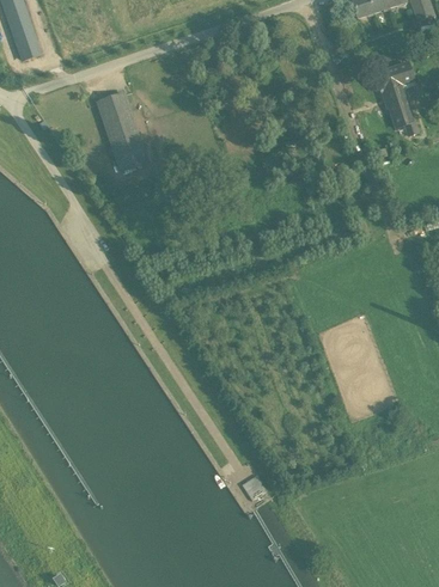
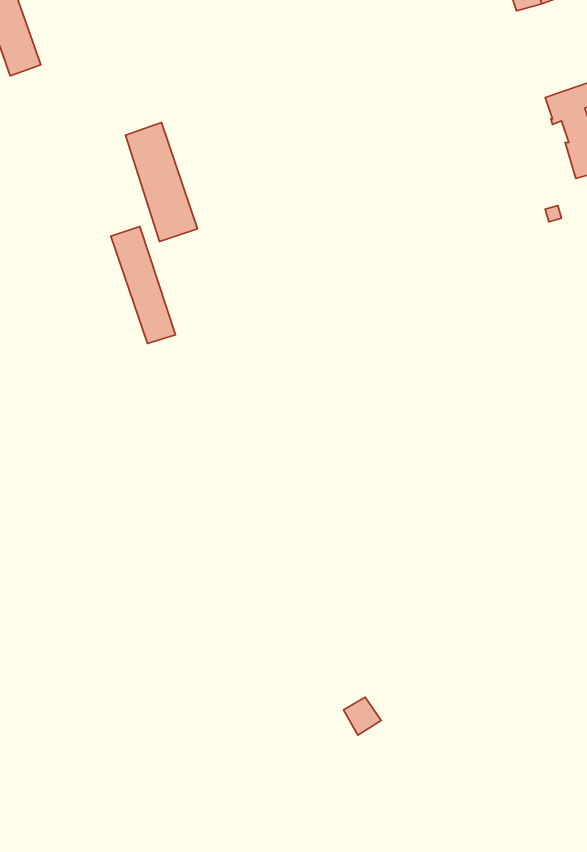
building: none -> [111,227,176,344]

